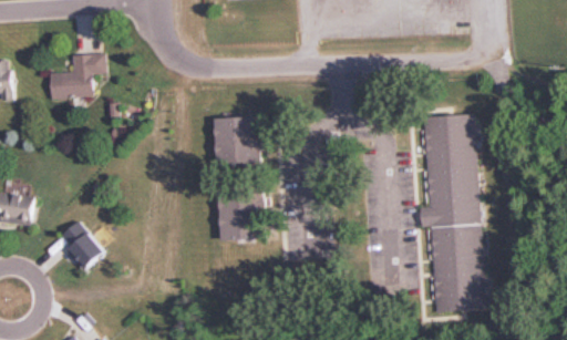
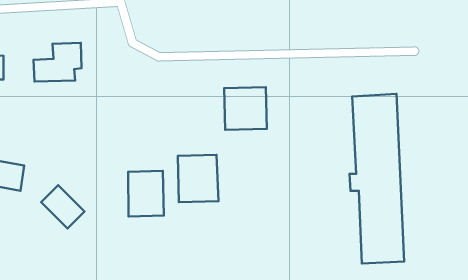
building: [214,115,264,165] -> [224,87,267,130]
building: none -> [128,171,164,216]

